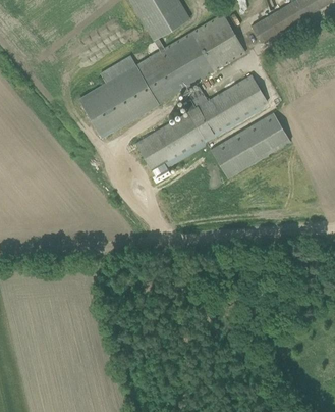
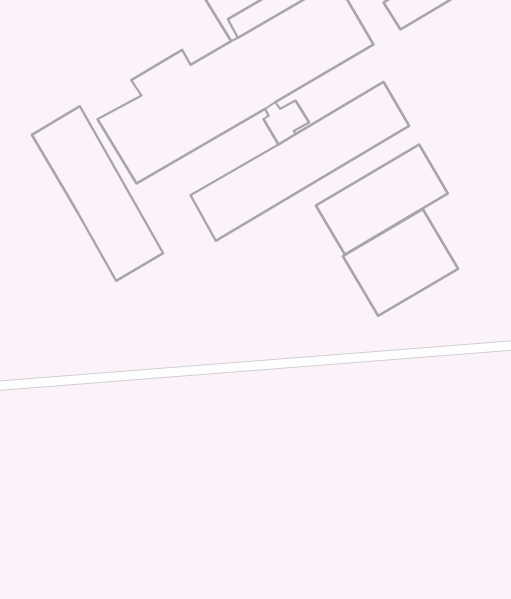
building: none -> [32,106,163,281]
building: none -> [343,209,458,316]

